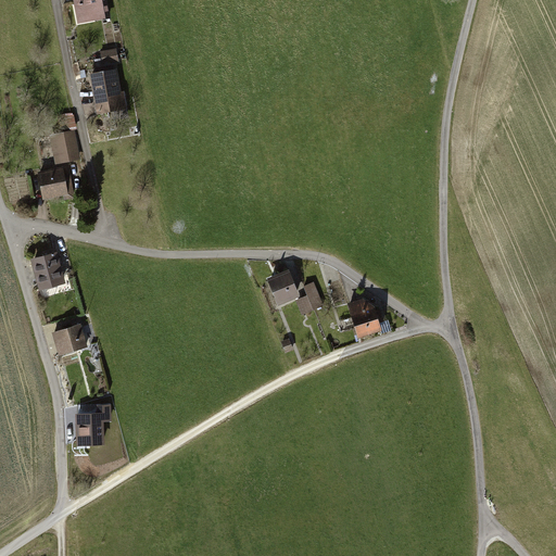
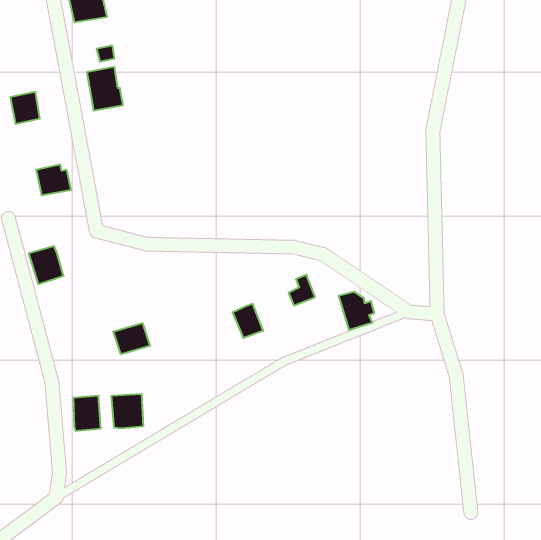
building: [50,130,80,163] -> [10,92,40,124]
building: [267,270,299,305] -> [233,304,263,338]
building: [51,325,89,356] -> [113,323,150,354]
building: none -> [112,394,143,428]

